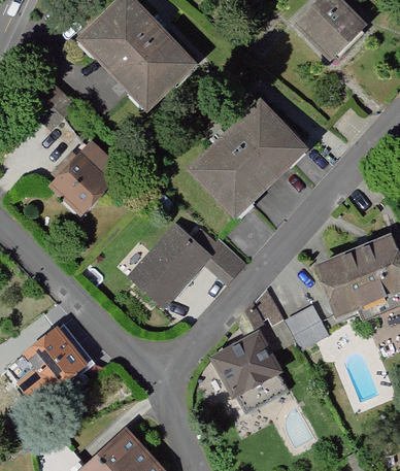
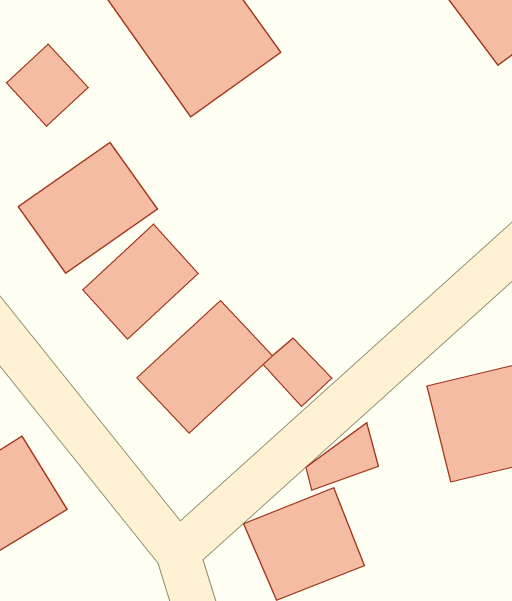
building: [185,102,306,223] -> none
building: none -> [83,224,198,339]
building: [290,307,332,348] -> none

